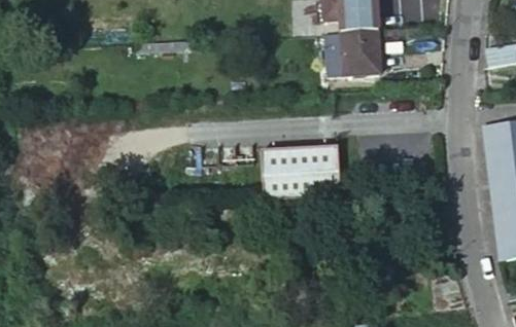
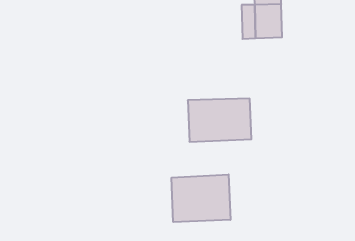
building: none -> [172,174,230,222]

